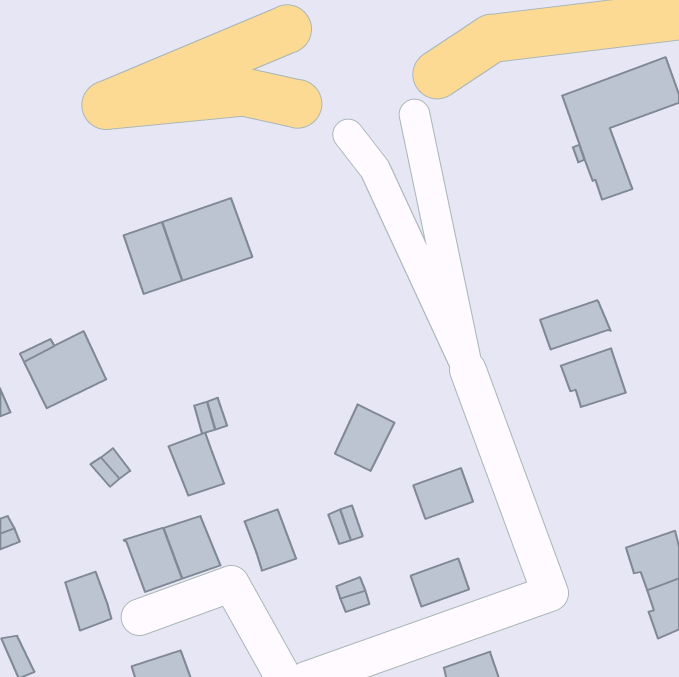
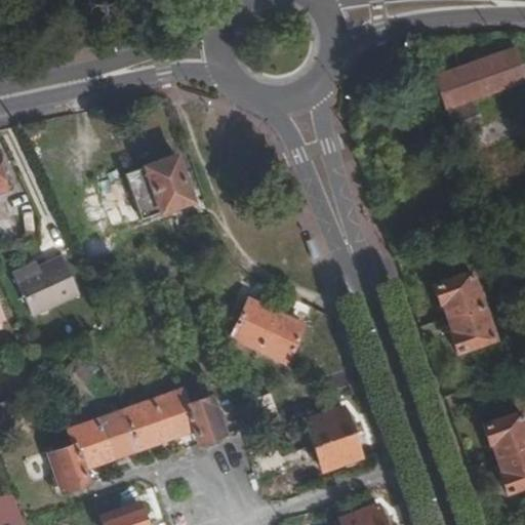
building: [540,300,611,350] -> none
building: none -> [231,300,276,352]
building: none -> [448,305,494,351]
building: [168,433,224,496] -> [155,390,198,438]
building: [413,468,473,519] -> [308,407,354,446]
building: none -> [69,418,112,468]

